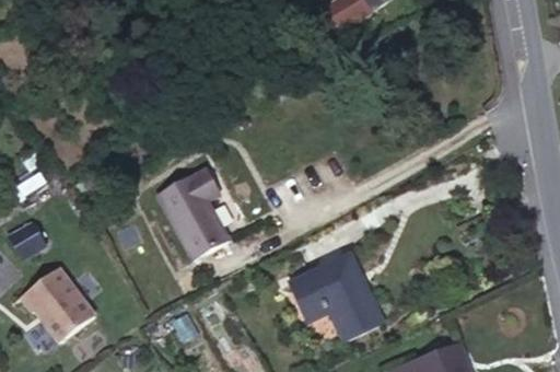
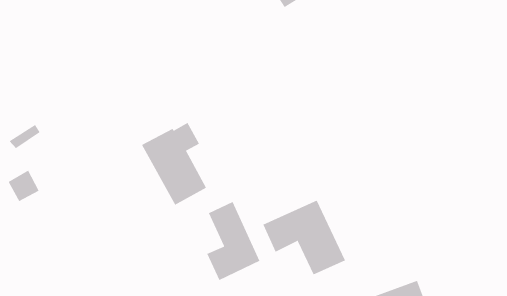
building: none -> [206,201,260,281]
building: [21,268,94,342] -> none

